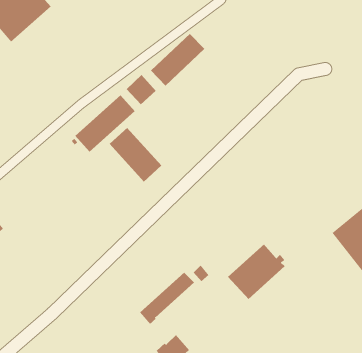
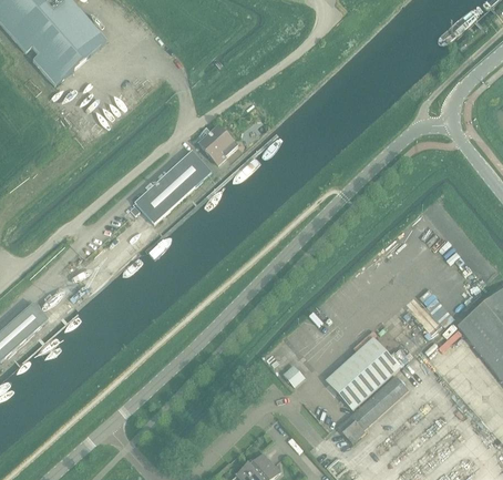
building: [150,33,205,86] -> none
building: [109,127,162,182] -> none
building: [139,272,195,325] -> [338,376,408,442]

